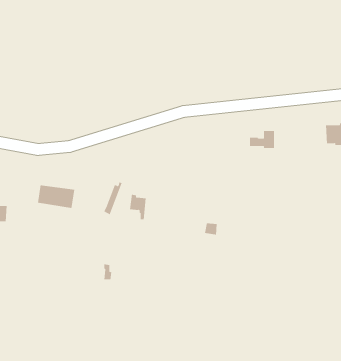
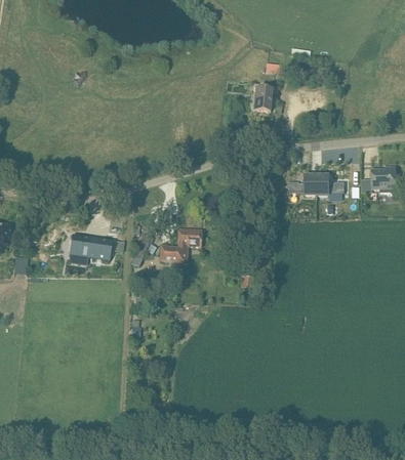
building: none -> [253,87,273,111]
building: none -> [316,174,343,194]
building: none -> [175,227,202,270]

